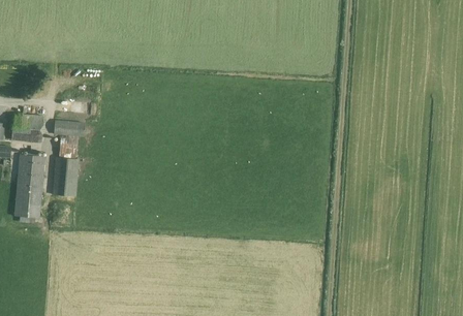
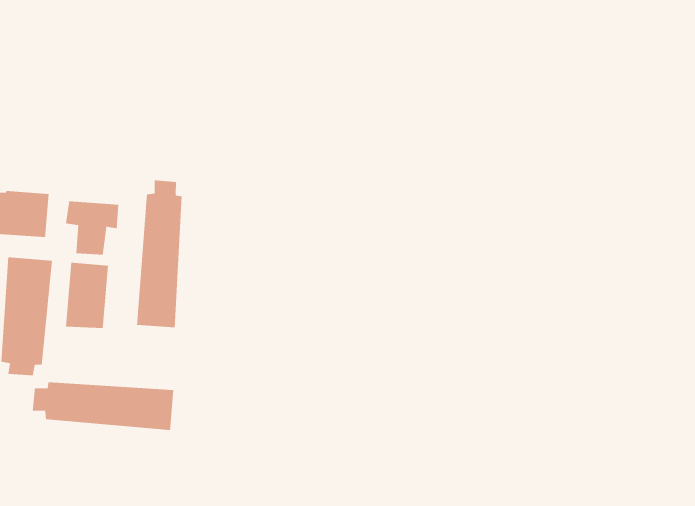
building: none -> [136,180,182,328]
building: none -> [32,382,174,431]

